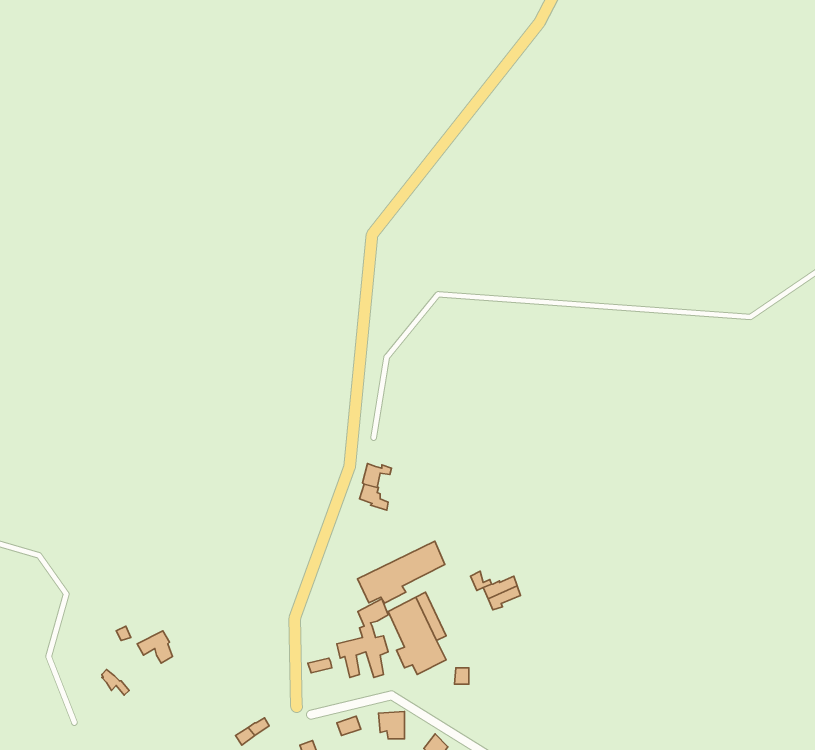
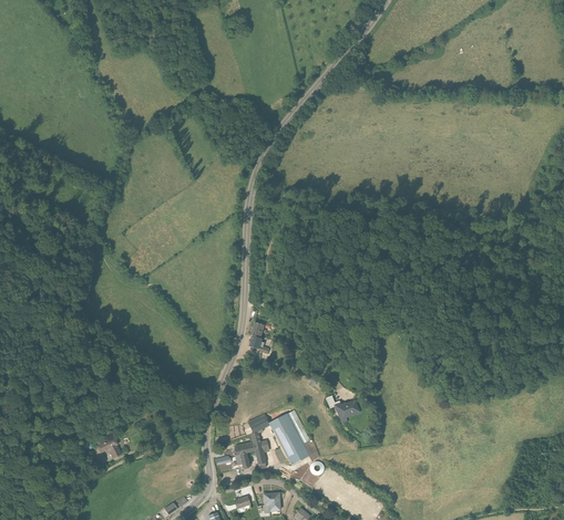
building: [358,541,445,603] -> none

